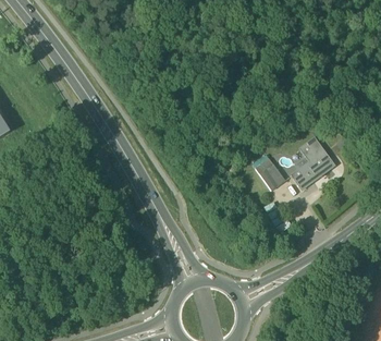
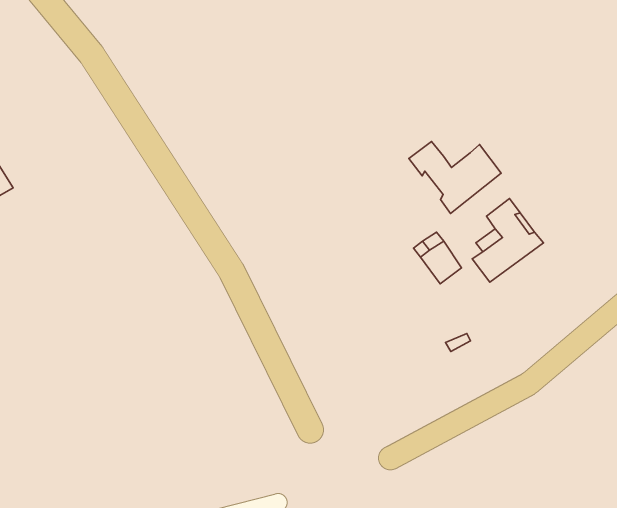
building: none -> [409,142,501,213]

